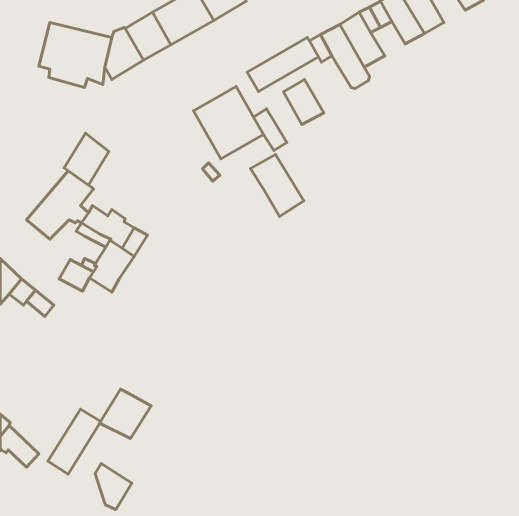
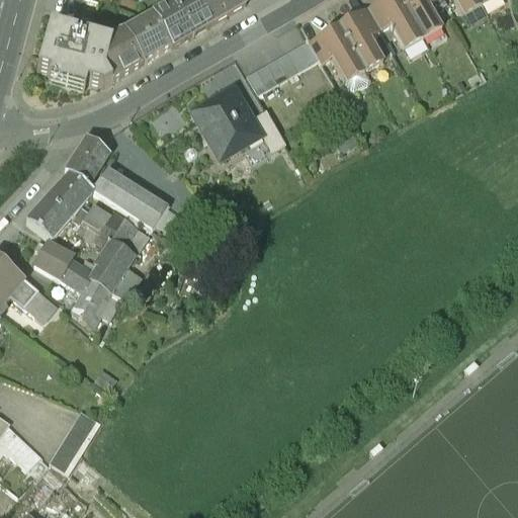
building: [283,80,324,125] -> none
building: [250,155,304,216] -> none
building: none -> [92,167,168,229]
building: none -> [34,238,72,277]
building: none -> [72,276,112,325]
building: [100,389,151,439] -> none
building: [95,464,132,509] -> none

